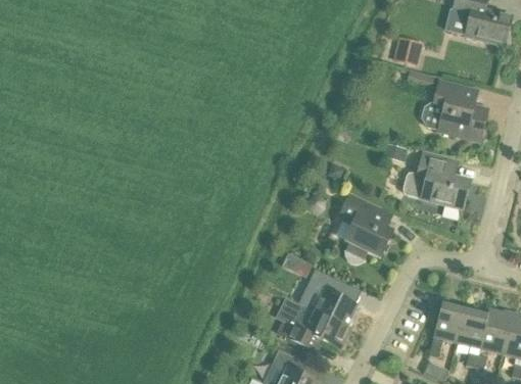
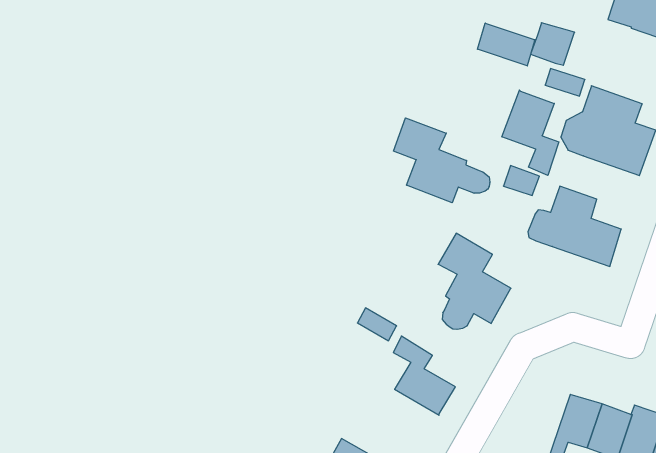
building: none -> [477,23,535,66]
building: none -> [502,90,559,175]
building: none -> [393,118,490,203]
building: [277,301,351,348] -> none

